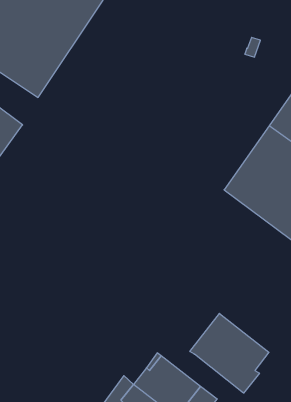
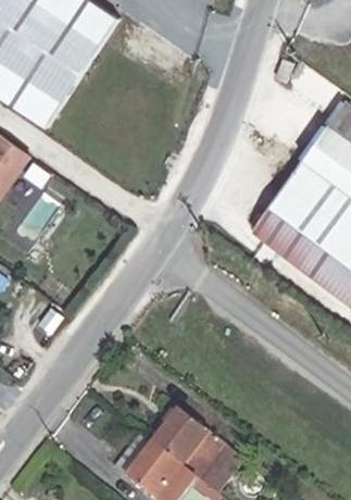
building: [190,313,269,393] -> none

